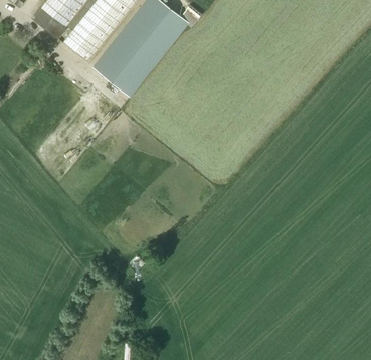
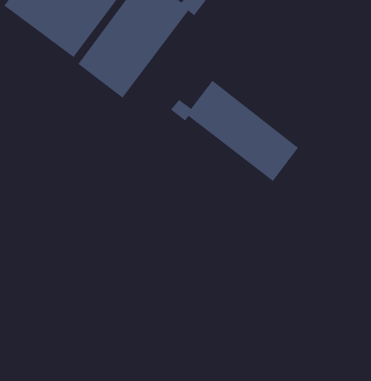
building: none -> [170,80,299,182]

